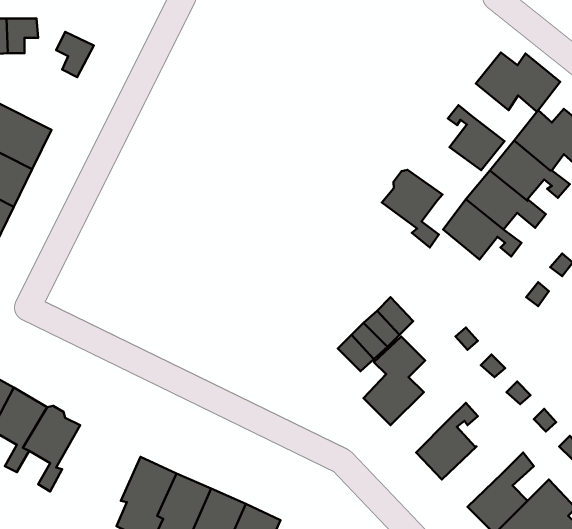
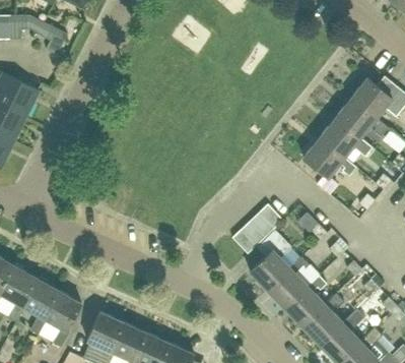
building: [476,53,560,111] -> none
building: [448,105,505,170] -> none
building: [382,170,442,247] -> none
building: none -> [268,256,310,308]
building: none -> [43,290,81,347]
building: none -> [302,293,344,345]

